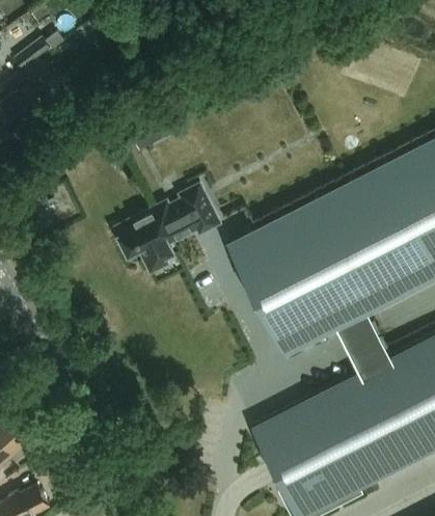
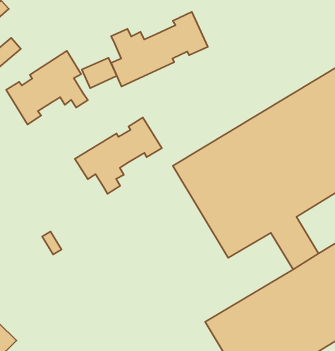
building: none -> [111,12,208,87]
building: none -> [6,51,88,125]

